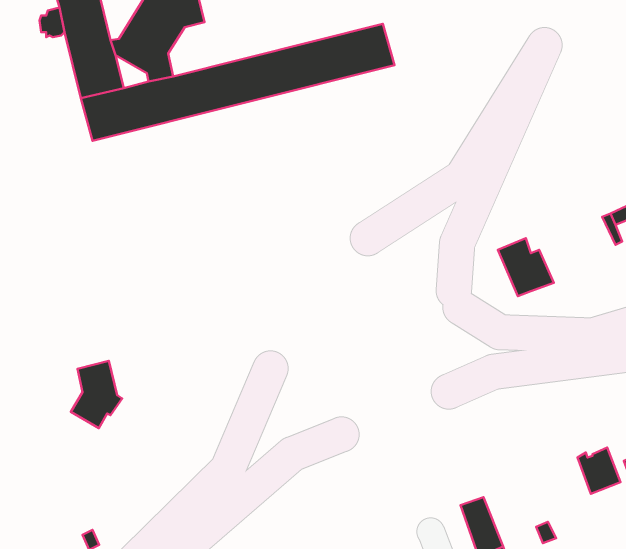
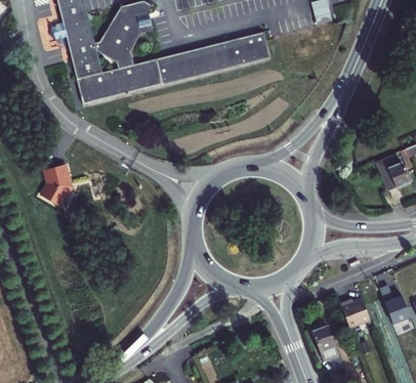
building: [498,238,554,296] -> [375,155,410,190]
building: [71,361,122,428] -> [41,164,73,206]
building: none -> [340,298,370,328]

